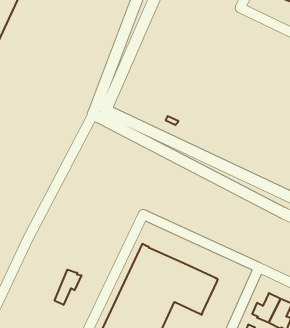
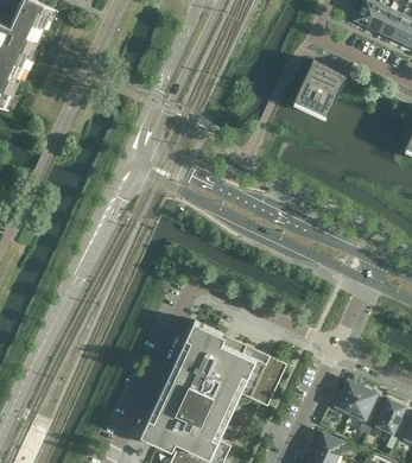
building: none -> [293,61,346,115]
building: [55,270,81,305] -> none

